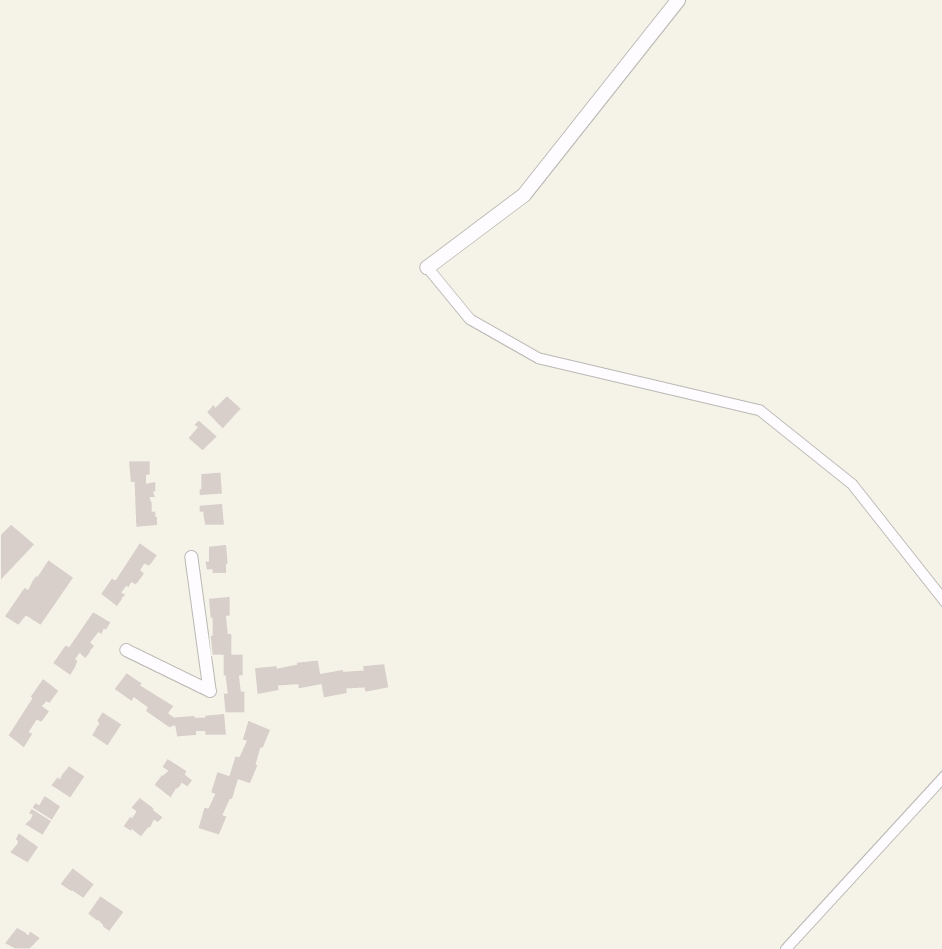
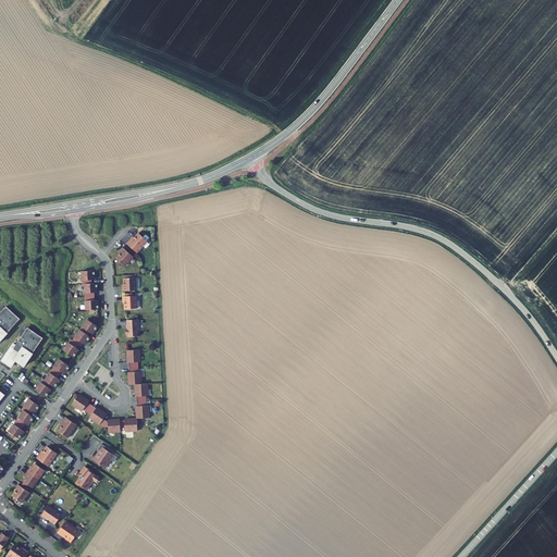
building: [254,660,389,698] -> none
building: [197,720,271,835] -> none

